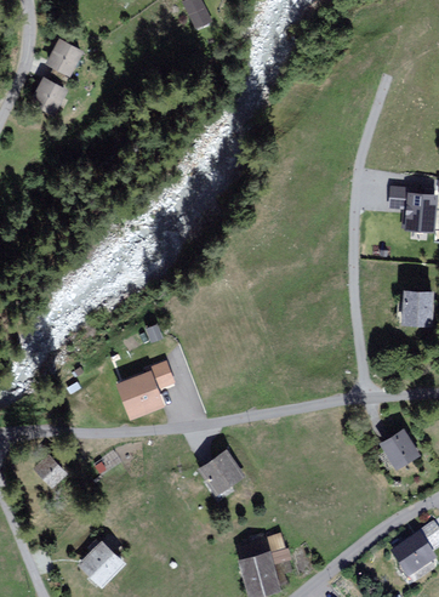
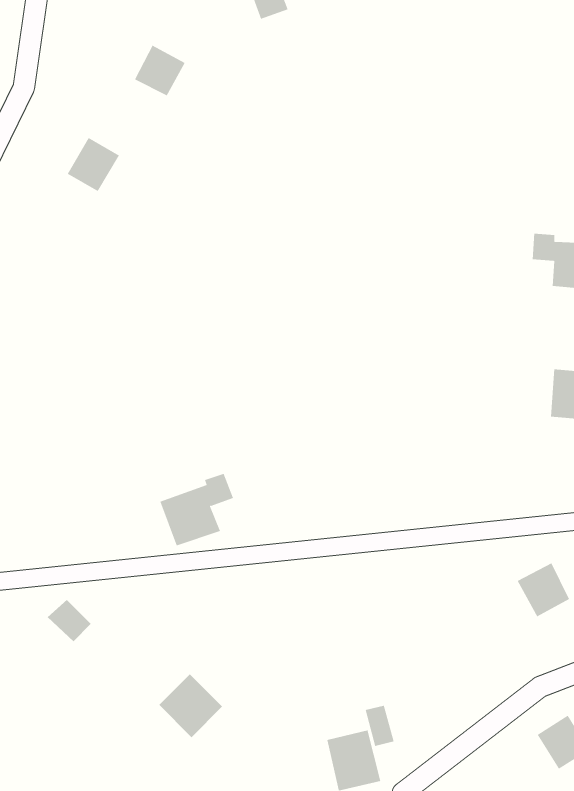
building: [46,38,84,75] -> [134,45,185,96]
building: [29,76,68,116] -> [67,137,120,192]
building: [199,451,243,494] -> none
building: [79,540,126,587] -> [158,673,223,738]

